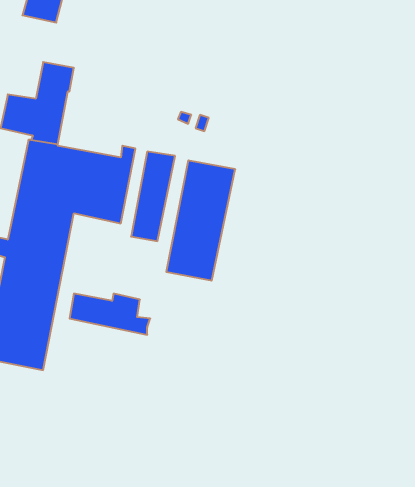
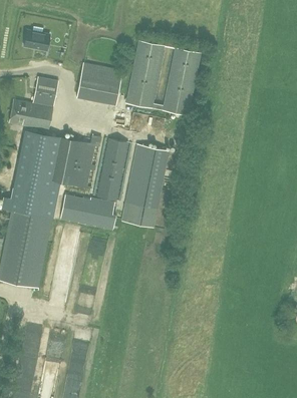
building: none -> [125,40,201,114]
building: none -> [76,63,122,104]
building: [70,294,150,335] -> [60,197,115,226]

